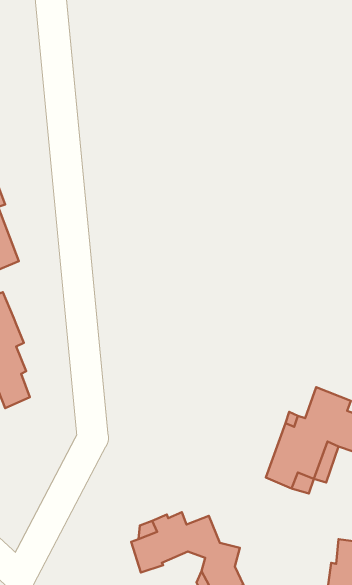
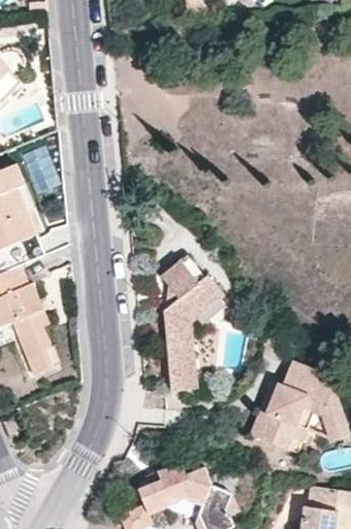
building: none -> [164,259,226,390]

